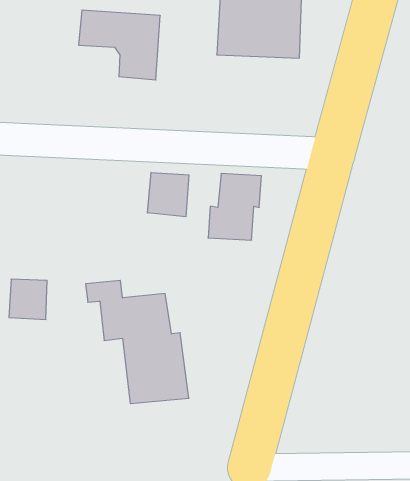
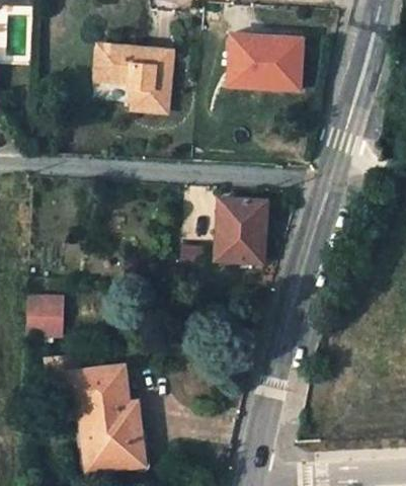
building: [147,172,189,217] -> none
building: [86,280,189,404] -> [47,354,143,469]

